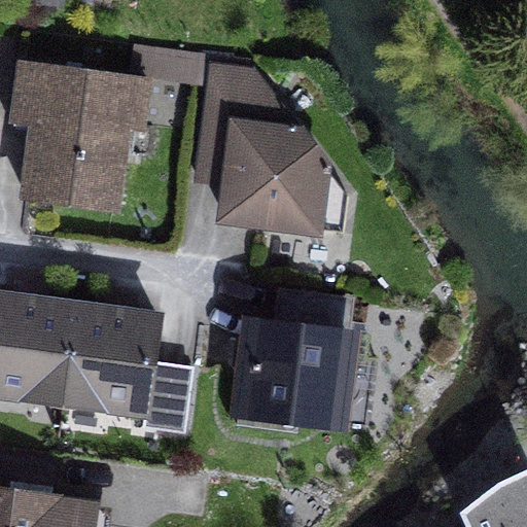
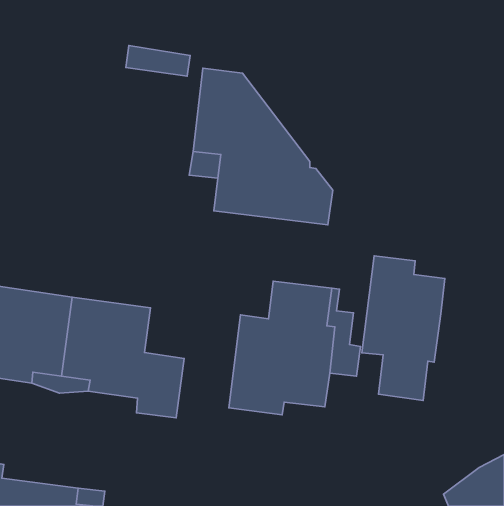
building: [10,66,146,209] -> none
building: none -> [362,256,445,400]

